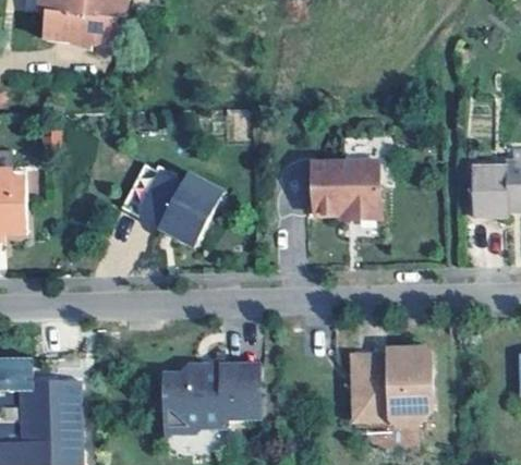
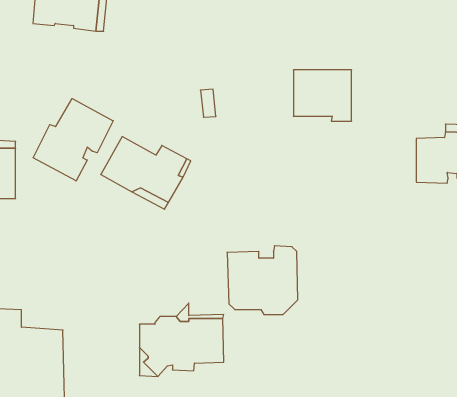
building: none -> [33,99,113,181]
building: [314,160,379,218] -> [293,70,352,121]
building: [351,351,431,428] -> [227,246,298,314]

